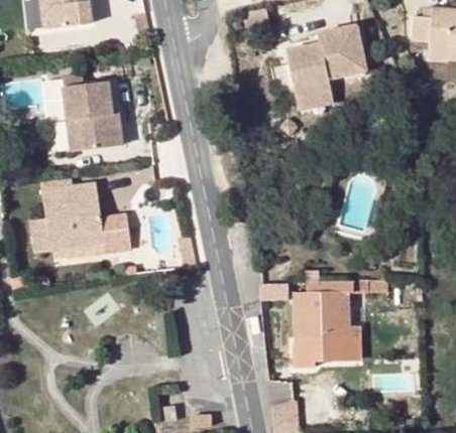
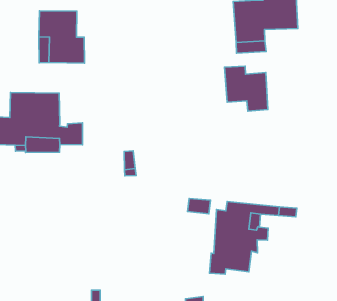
building: none -> [225,66,268,111]

